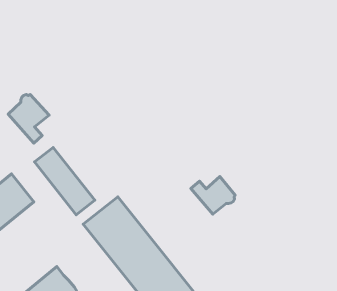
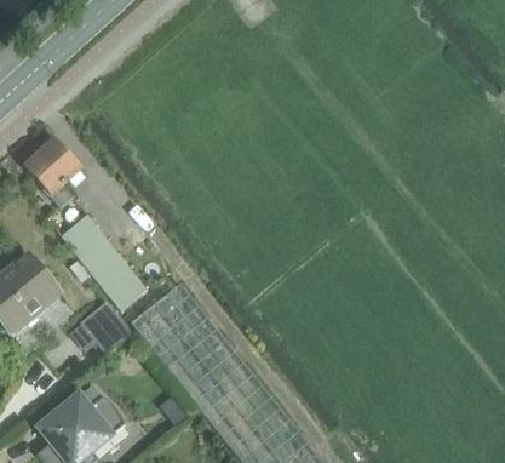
building: [191,176,235,214] -> none
building: none -> [80,301,124,343]

